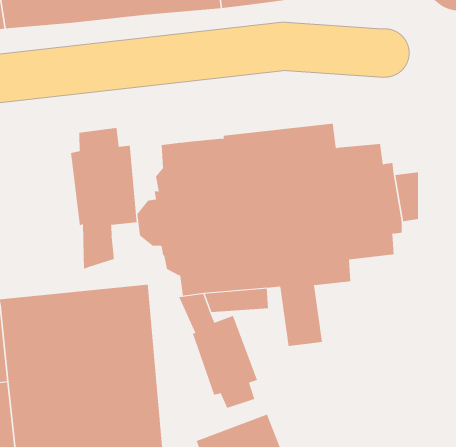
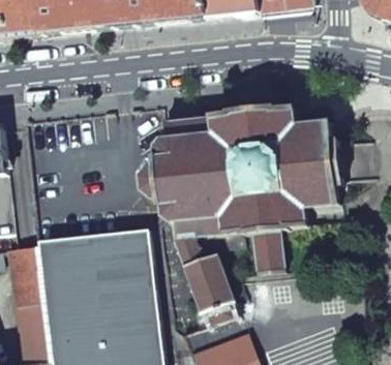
building: [71,127,137,270] -> none

